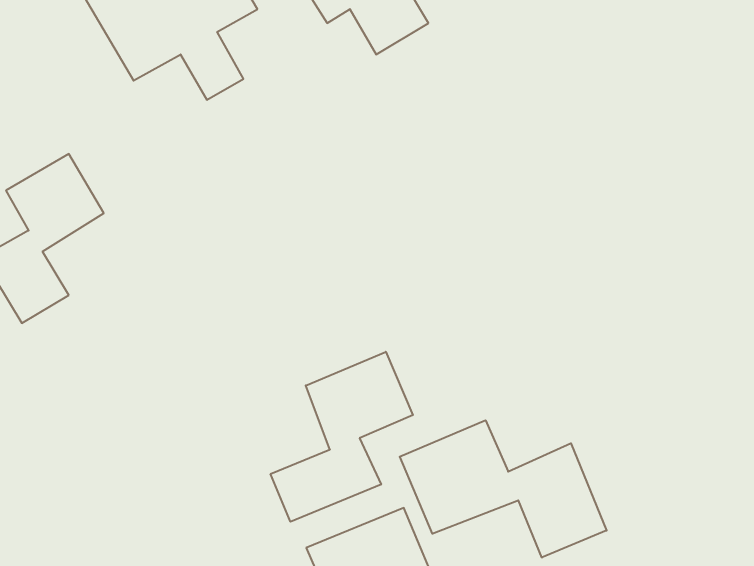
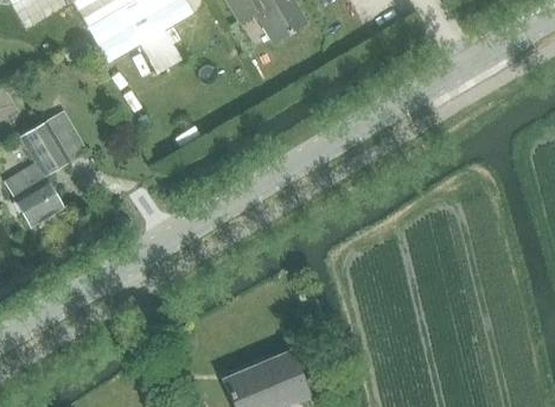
building: [271,352,413,522] -> none
building: [400,420,607,558] -> none

